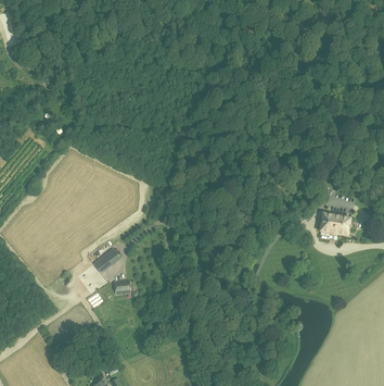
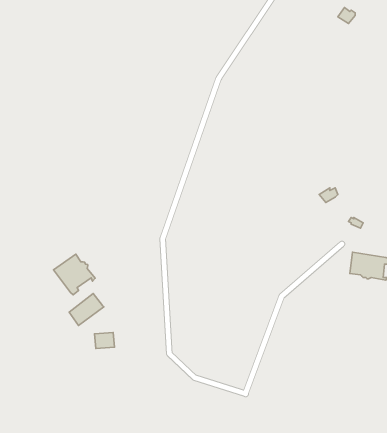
building: none -> [54,254,95,295]

